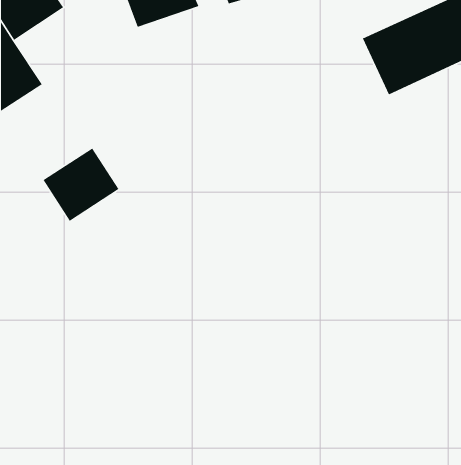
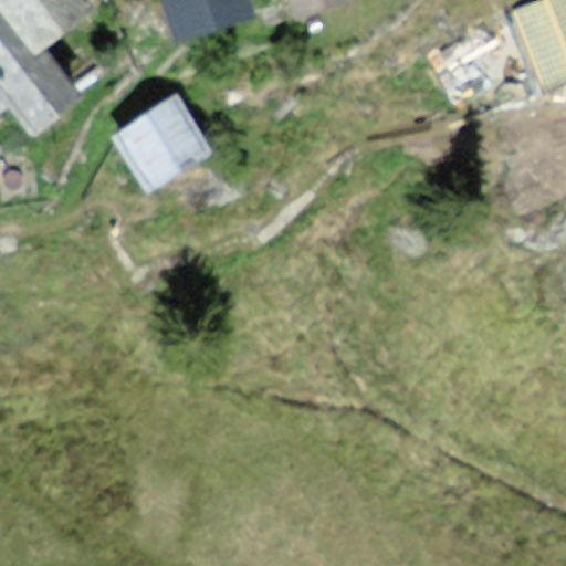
building: [42,147,119,222] -> [116,92,208,180]

